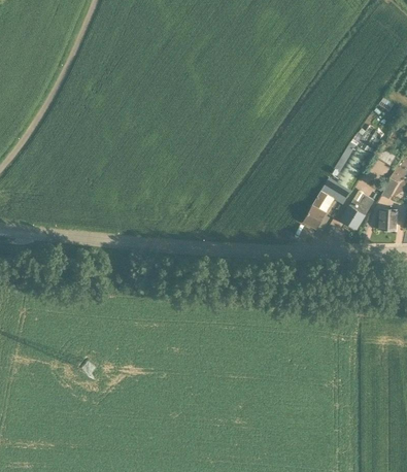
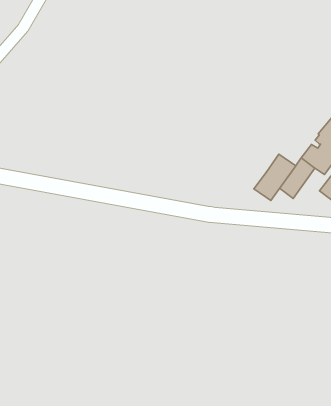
building: none -> [254,154,296,201]

